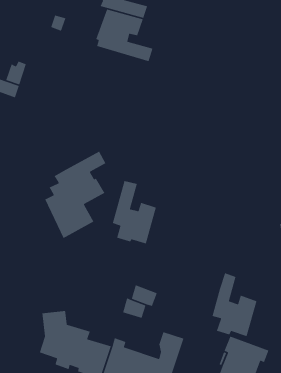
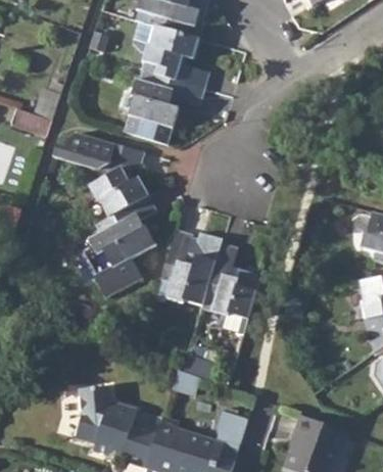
building: none -> [124,73,204,145]
building: none -> [51,133,146,217]
building: [211,272,257,337] -> [204,242,258,319]

